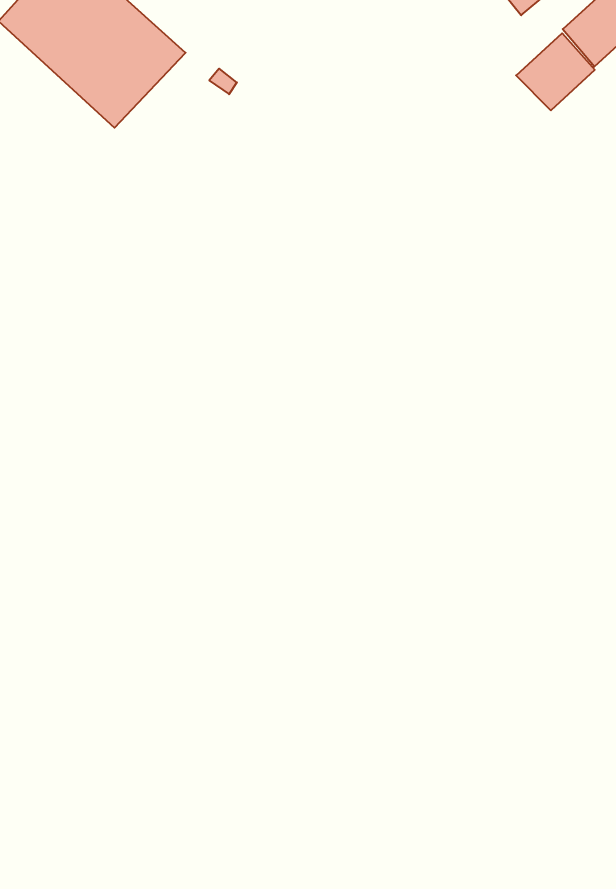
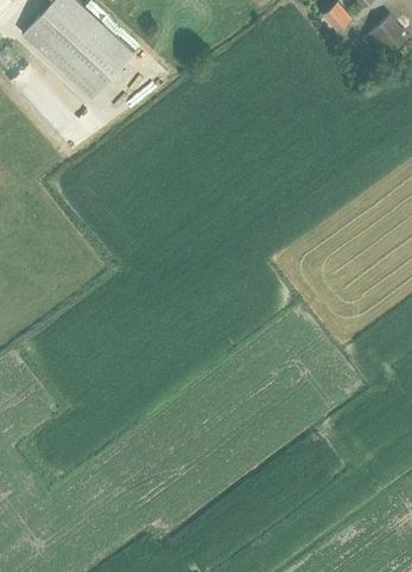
building: [516,33,595,110] -> none

